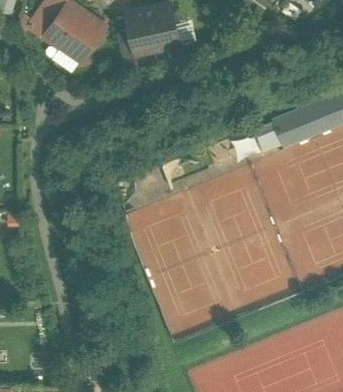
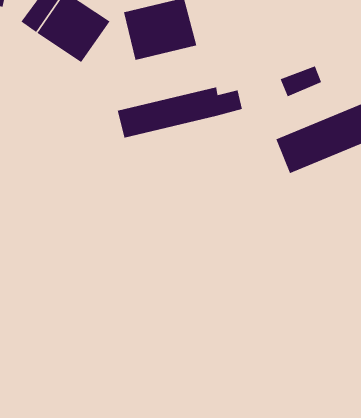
building: none -> [280,65,322,97]
building: none -> [117,86,242,139]

